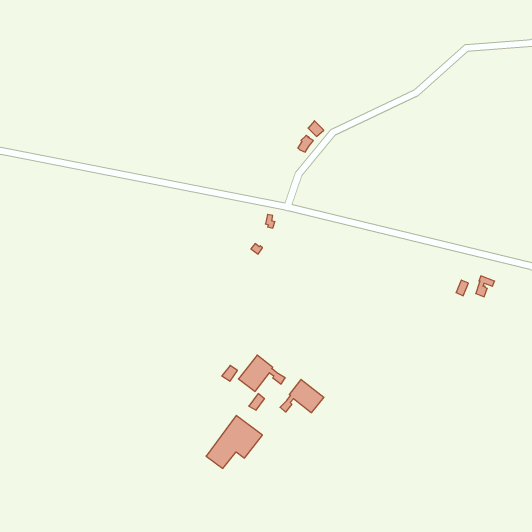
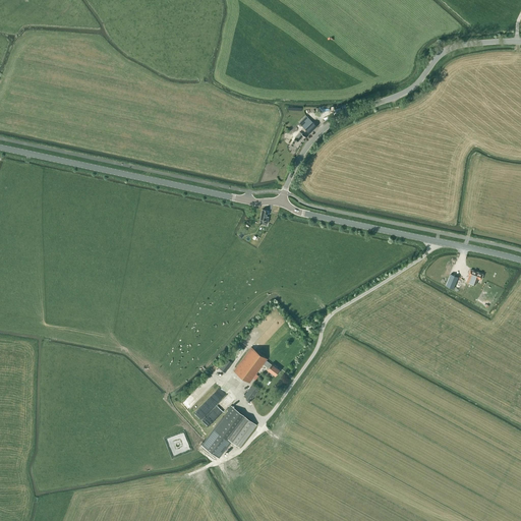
building: [280,379,324,413] -> none

